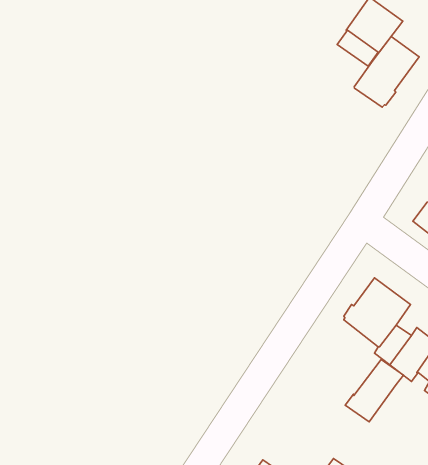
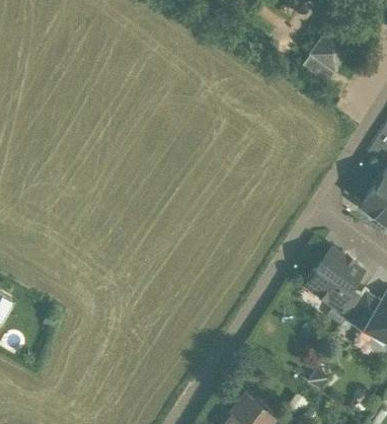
building: [354,36,419,107] -> none
building: [345,360,403,422] -> none

